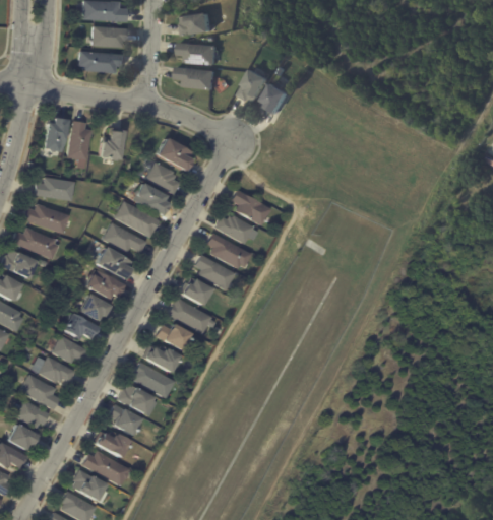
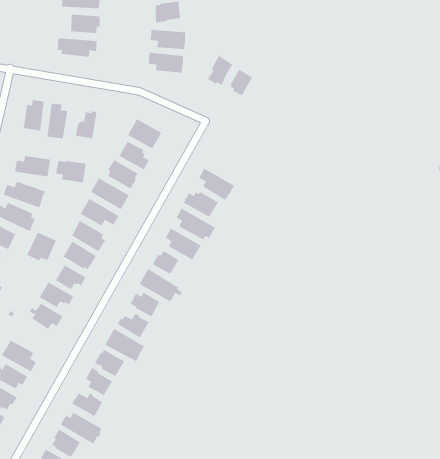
building: none -> [55,160,87,183]
building: none -> [26,232,57,262]
building: [36,355,74,383] -> none

